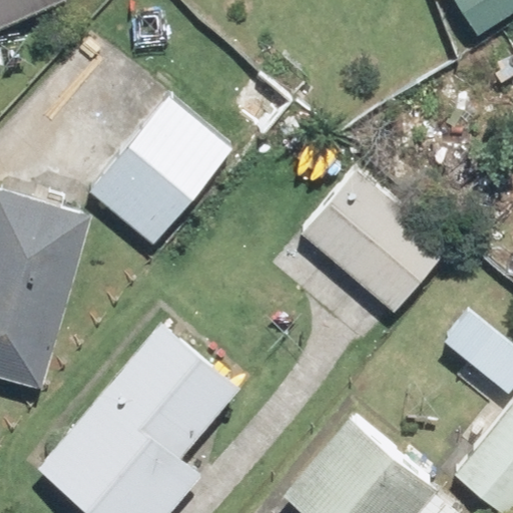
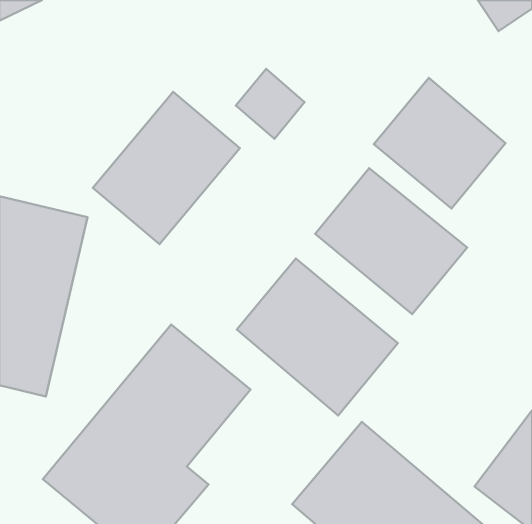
building: none -> [374,78,505,208]
building: none -> [237,259,398,415]

